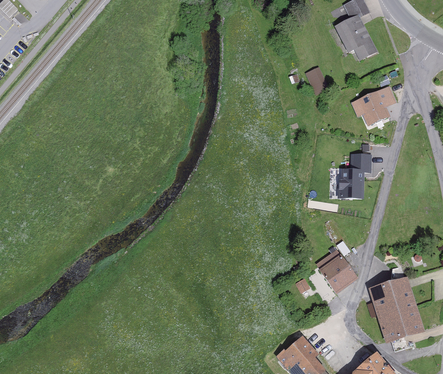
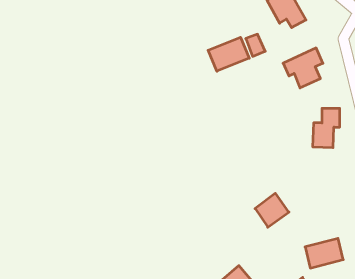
building: none -> [208,37,249,71]
building: [343,152,375,198] -> [313,108,340,148]
building: [369,277,416,317] -> none

